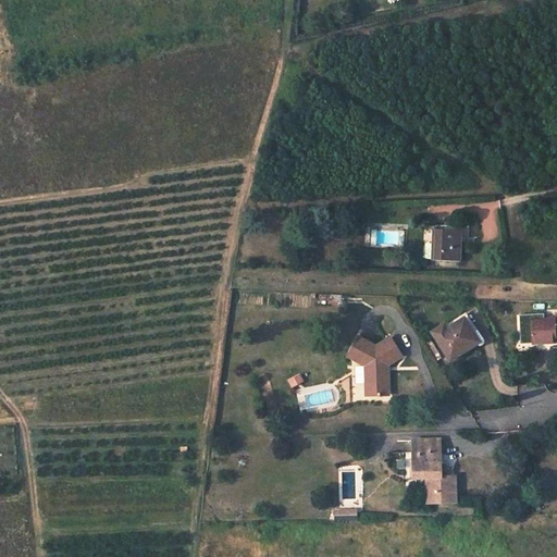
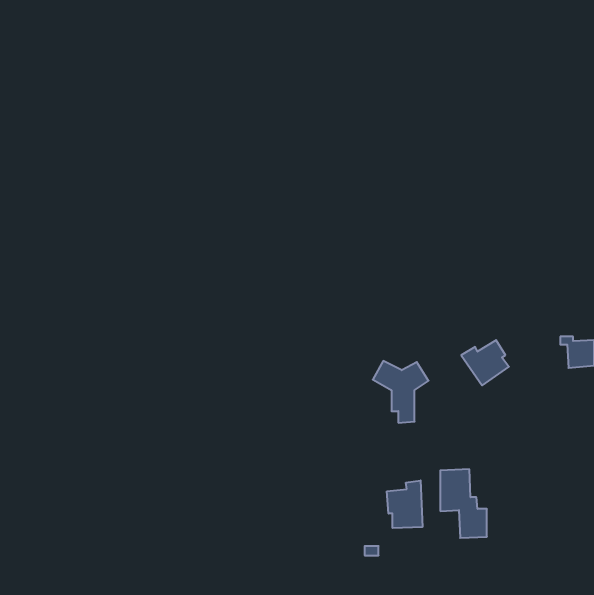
building: [429,228,459,261] -> none
building: none -> [387,480,422,528]

